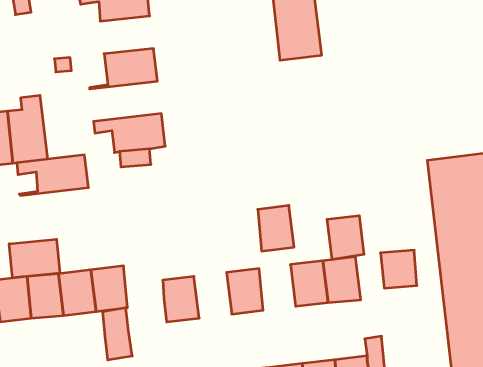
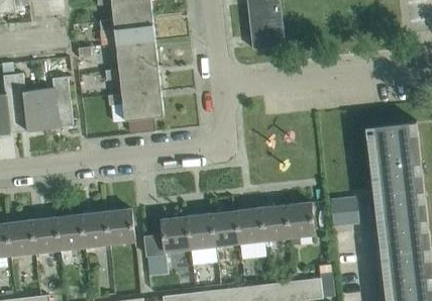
building: none -> [98,15,153,44]
building: [17,155,88,195] -> [104,66,159,97]
building: [258,205,294,251] -> [235,208,263,243]
building: [327,216,364,260] -> none
building: [9,239,60,278] -> none
building: none -> [185,214,214,249]
building: [102,308,132,360] -> [143,234,167,275]

